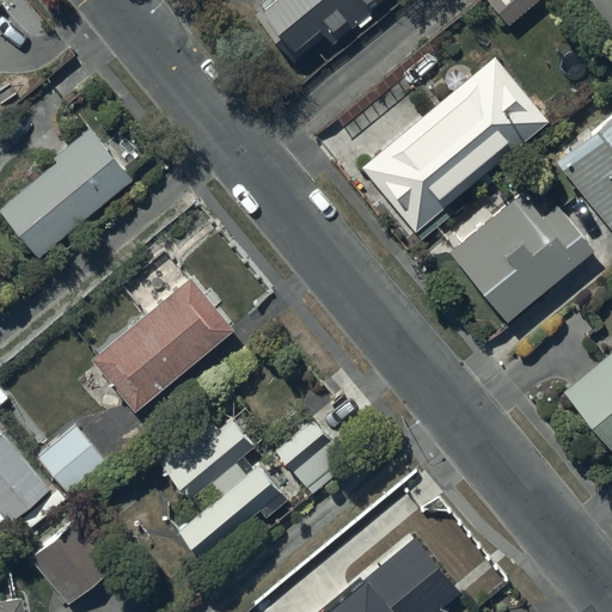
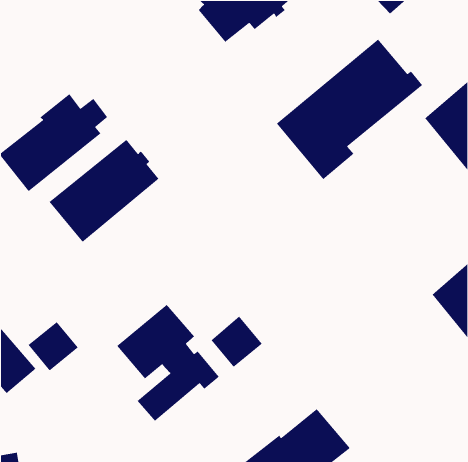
building: [448,196,593,322] -> none
building: [90,277,234,414] -> [49,139,159,243]
building: [29,518,117,606] -> none

